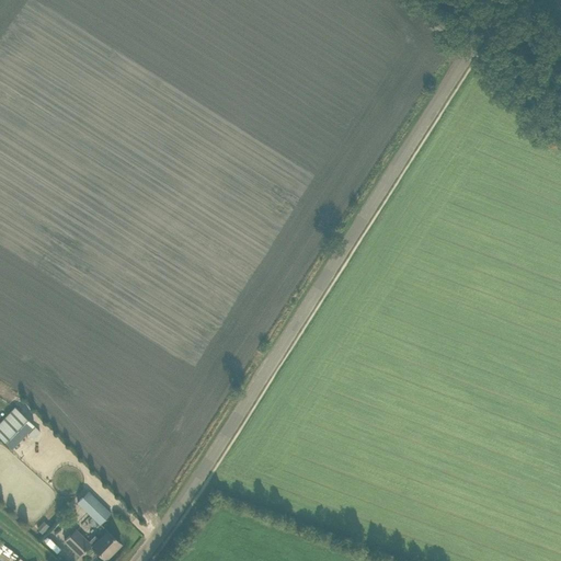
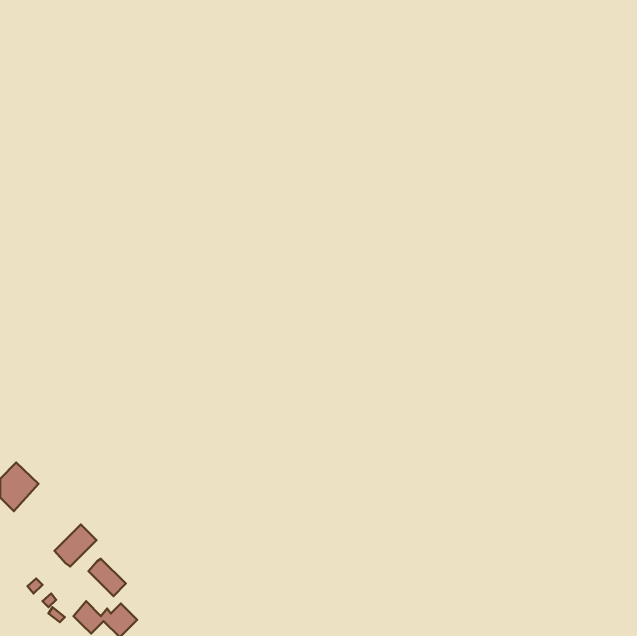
building: none -> [55,524,97,566]

